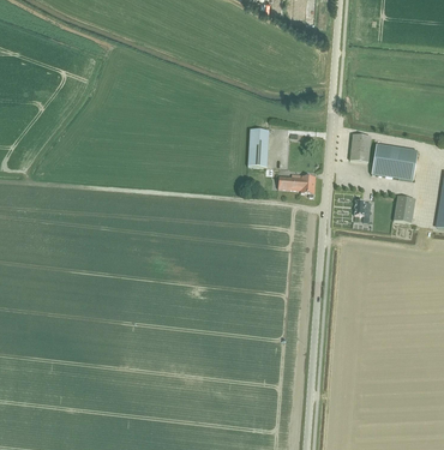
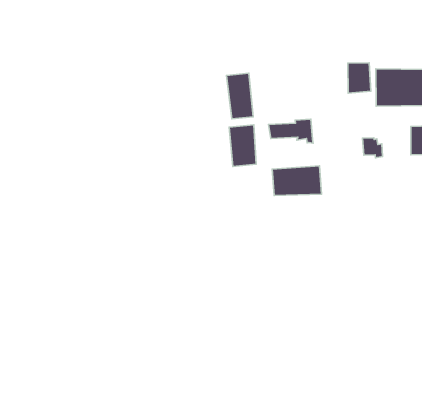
building: none -> [229,125,256,166]
building: none -> [272,166,321,196]

